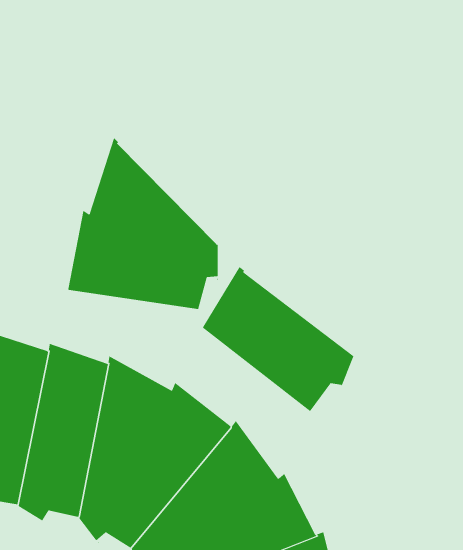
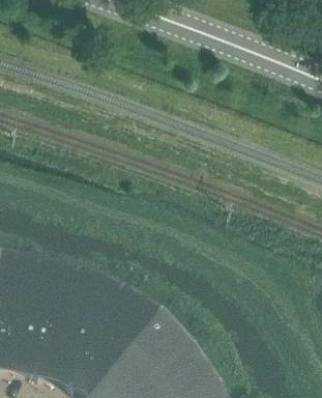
building: [68,137,218,310] -> none
building: [201,266,354,412] -> none

